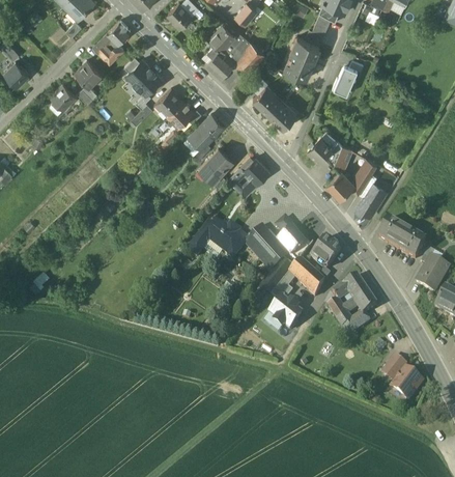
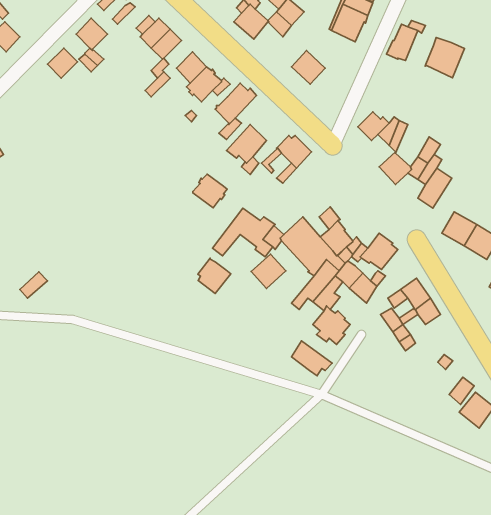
building: none -> [425,37,465,78]
building: [268,102,297,130] -> none
building: none -> [193,174,227,208]
building: none -> [251,254,286,288]
building: none -> [198,258,231,293]
building: none -> [291,341,332,376]

